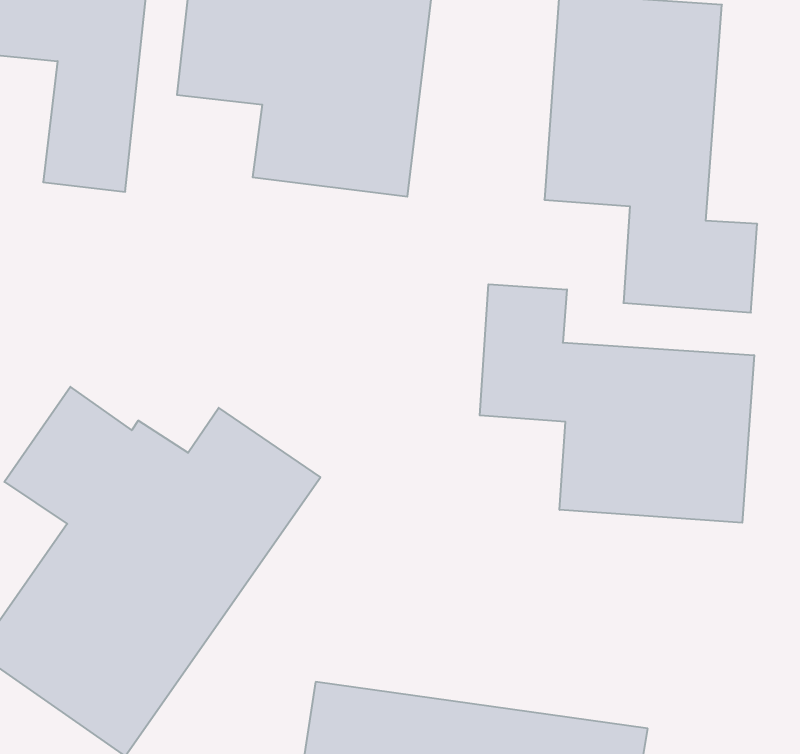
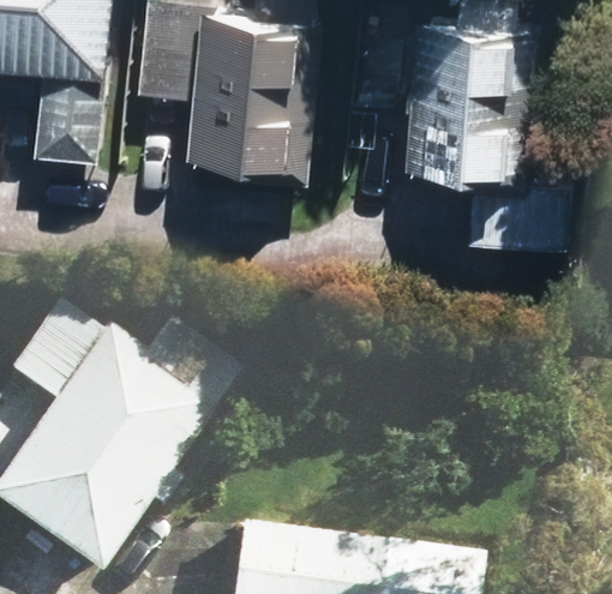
building: [480,284,754,523] -> none

